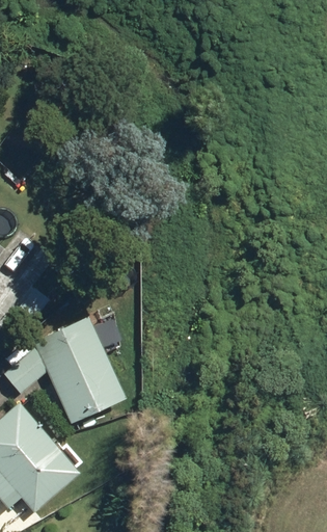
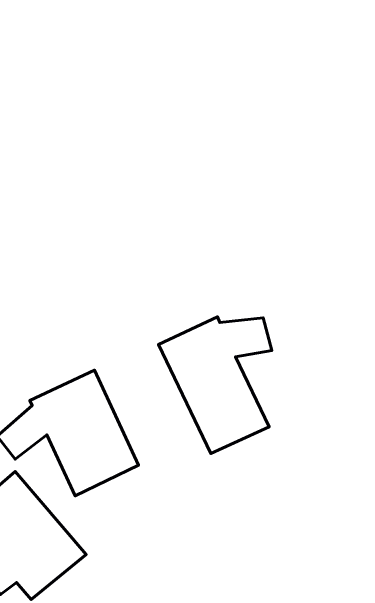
building: none -> [158,317,272,454]

